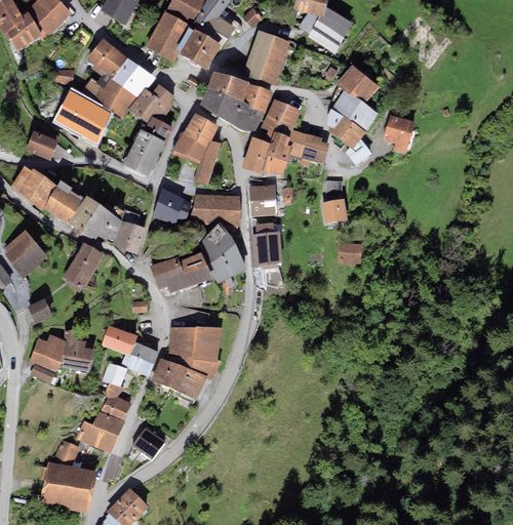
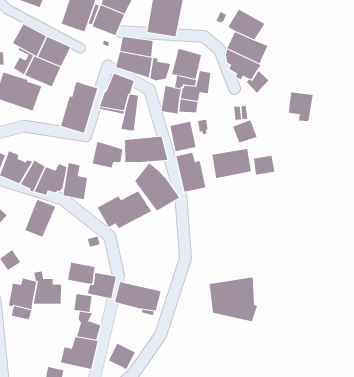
building: [130,84,175,123] -> none
building: [244,85,273,115] -> none
building: [383,115,416,153] -> [288,92,313,122]
building: [301,133,329,165] -> none
building: none -> [212,148,252,179]
building: [168,323,223,375] -> [209,277,258,322]

